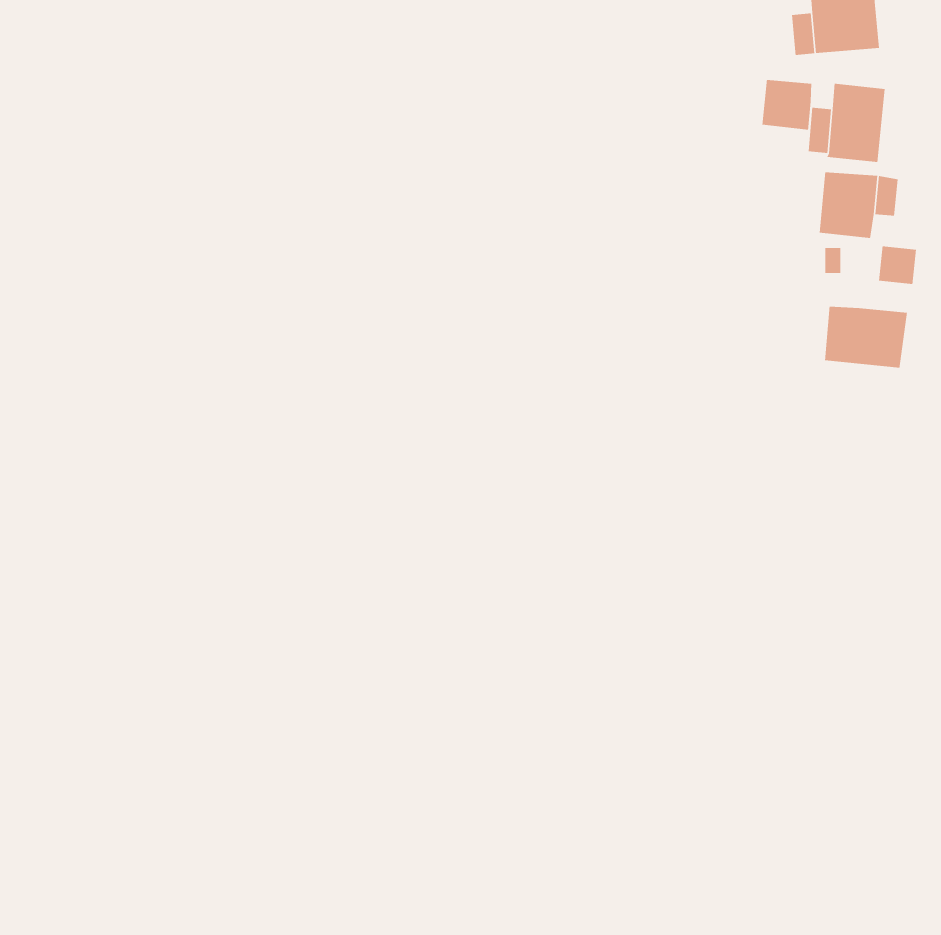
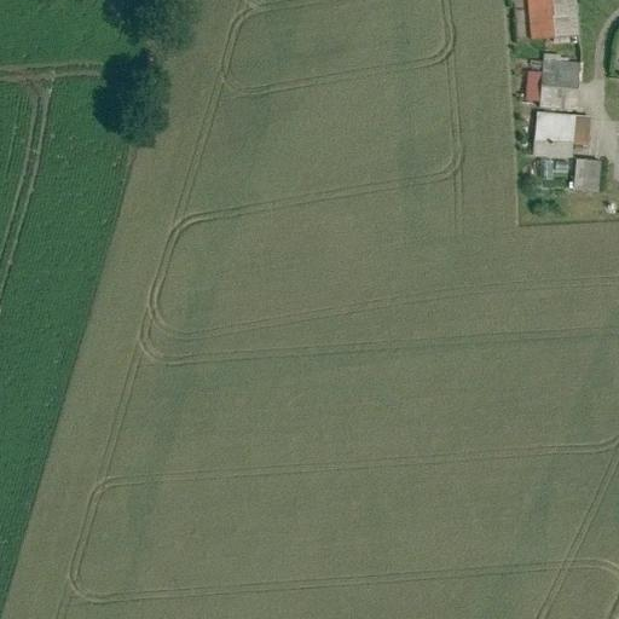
building: [762,79,812,131] -> none
building: [825,306,907,369] -> none

